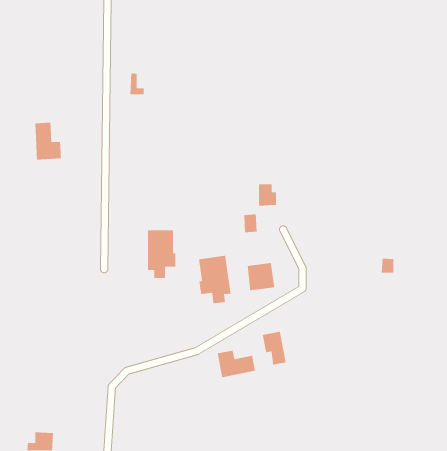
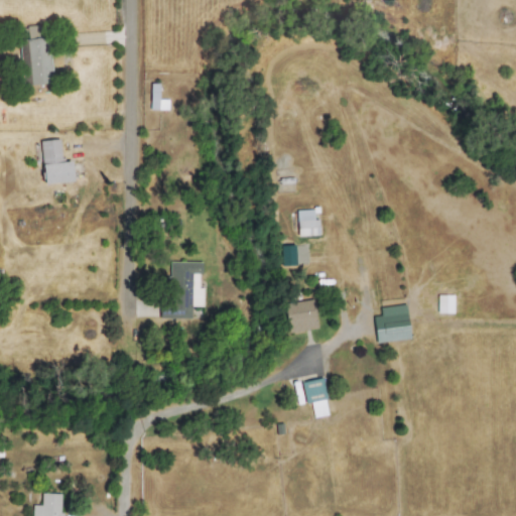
building: none -> [22,24,53,85]
building: [198,255,231,304] -> none
building: none -> [375,304,412,343]
building: [217,350,256,378] -> none

